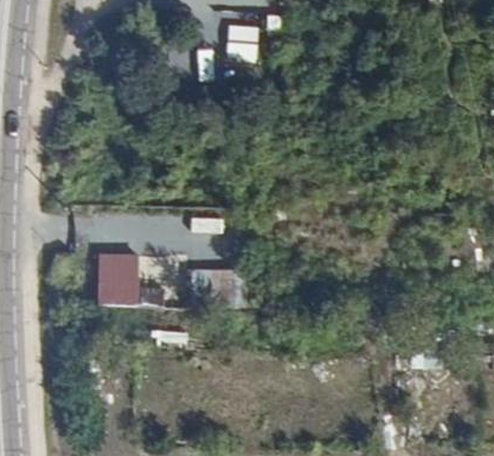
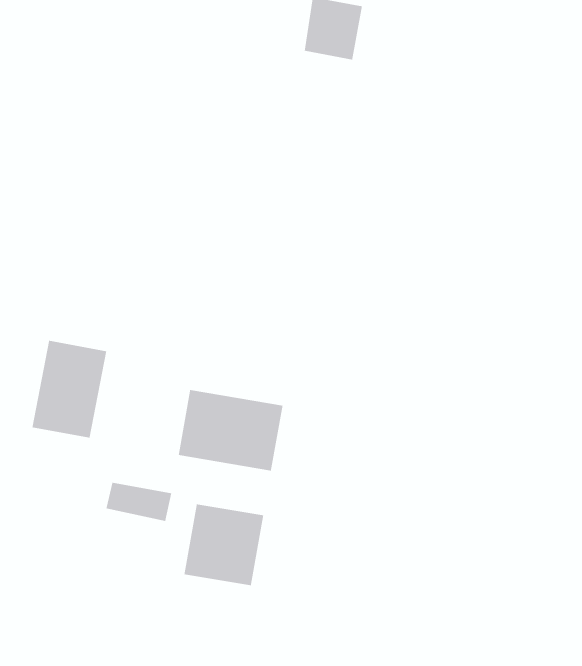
building: none -> [184,503,264,586]

